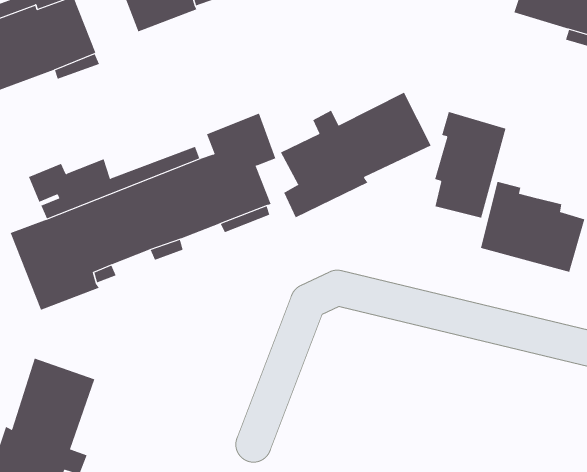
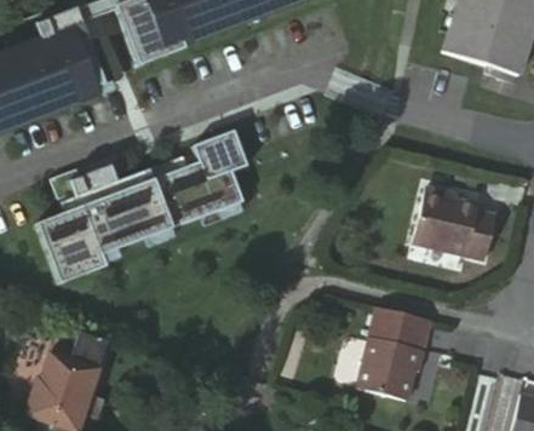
building: [280,92,432,218] -> none
building: [434,111,506,219] -> none
building: none -> [356,305,432,397]

